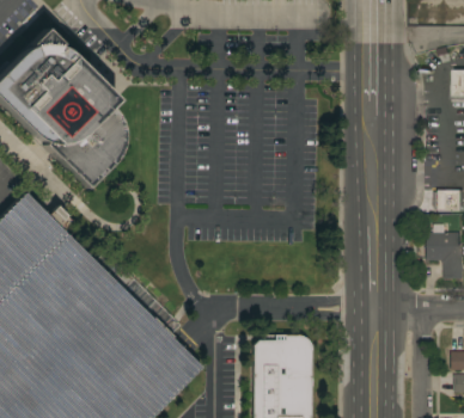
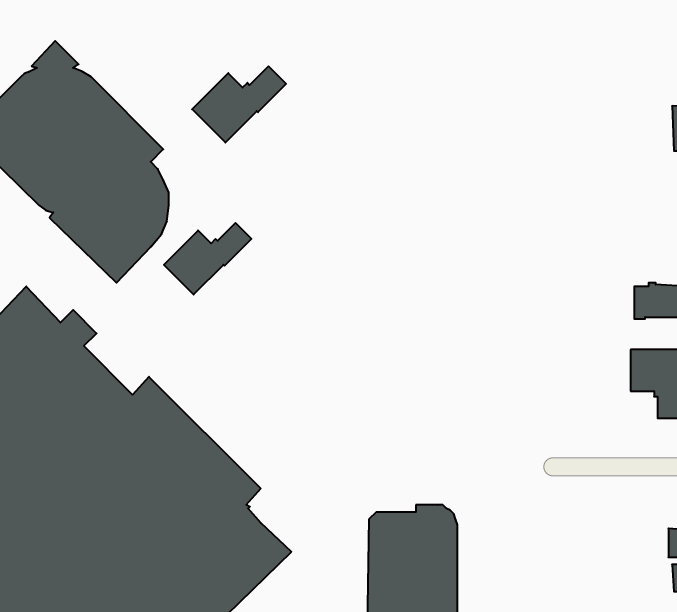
building: none -> [192,66,286,143]
building: none -> [164,223,251,295]

